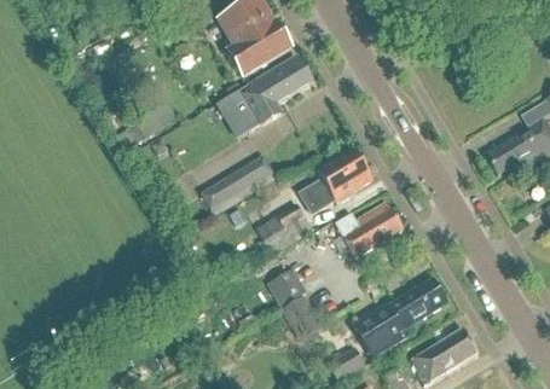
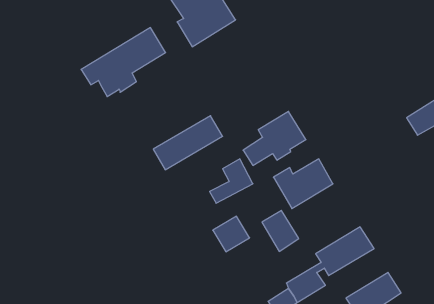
building: [218,53,312,130] -> [81,28,166,97]
building: [282,295,323,341] -> [262,210,299,251]

